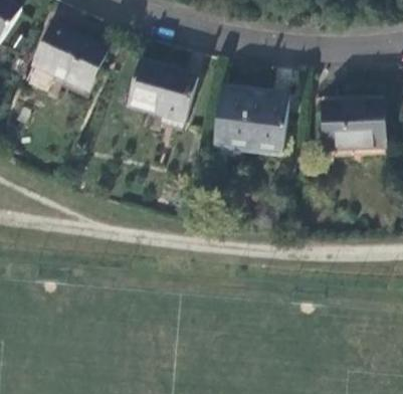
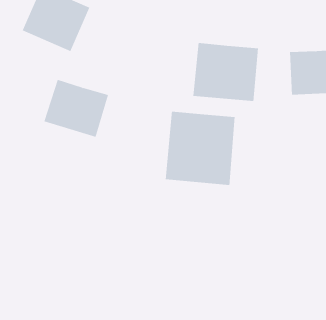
building: [126,64,197,128] -> [43,79,109,137]
building: none -> [165,111,235,186]

